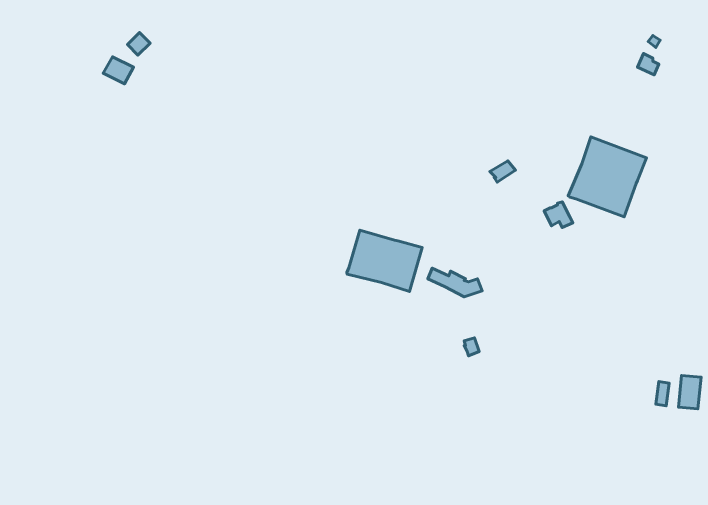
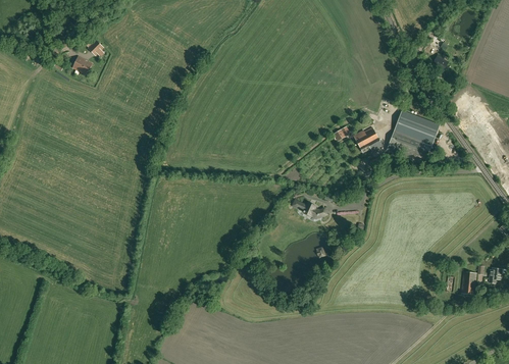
building: none -> [354,125,383,151]
building: [347,230,422,291] -> none

